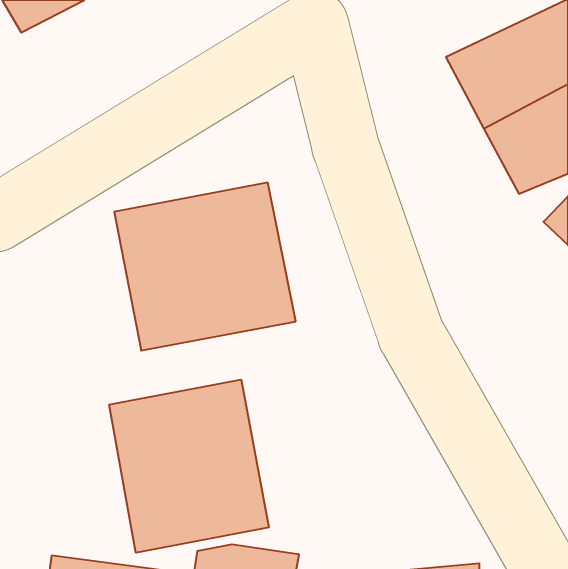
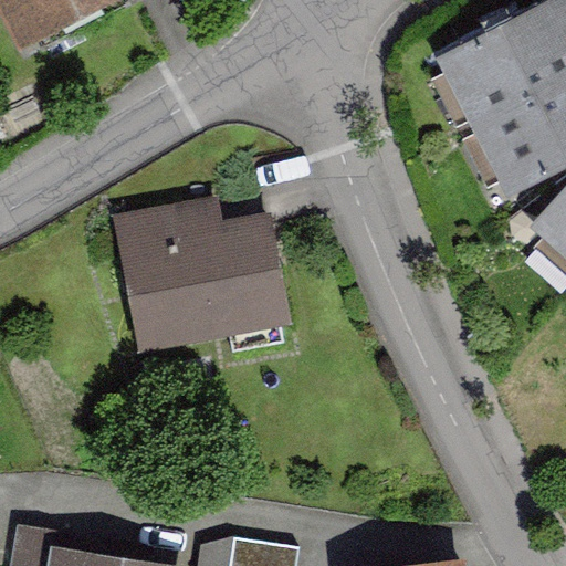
building: [109,380,269,553] -> none

